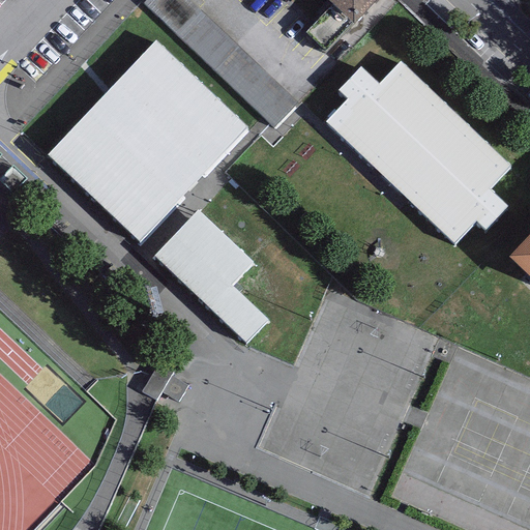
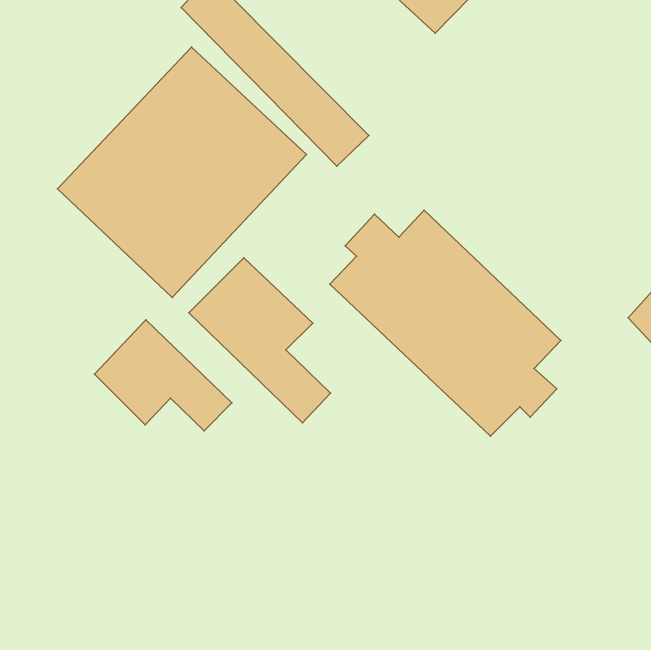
building: [324,60,511,243] -> [330,210,561,436]
building: none -> [95,320,232,431]

